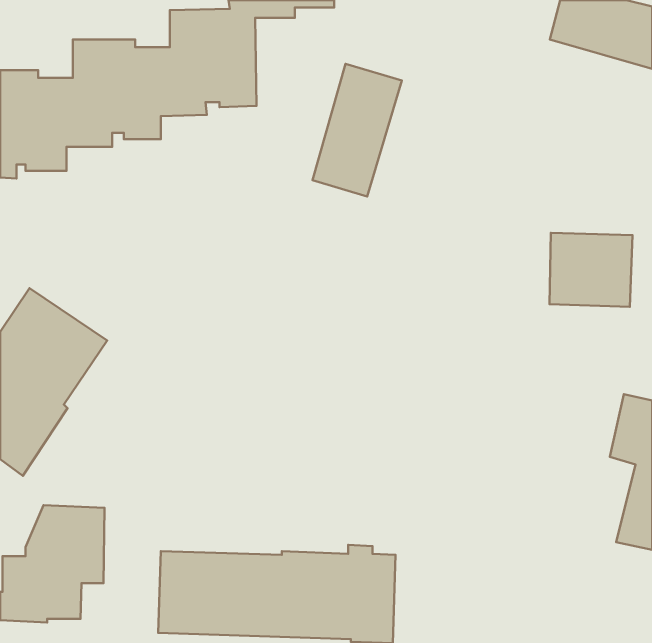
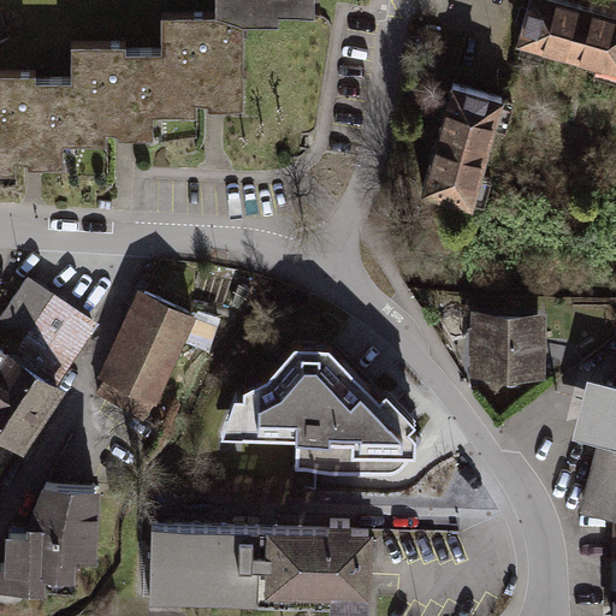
building: [312,64,402,197] -> [421,87,505,212]
building: [549,233,632,307] -> [470,313,549,383]
building: none -> [95,292,197,427]
building: none -> [220,346,422,479]

